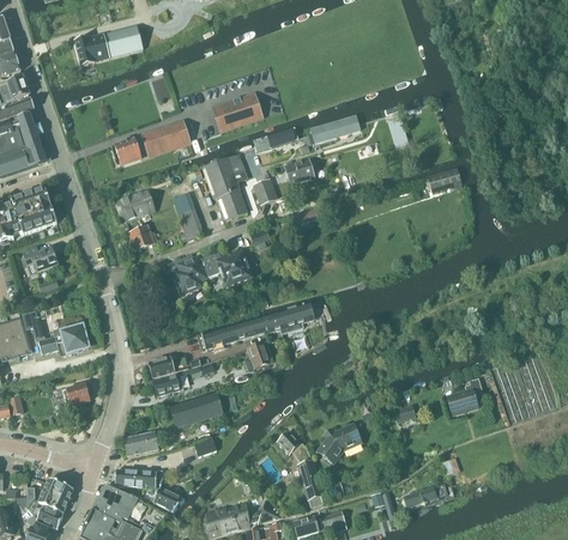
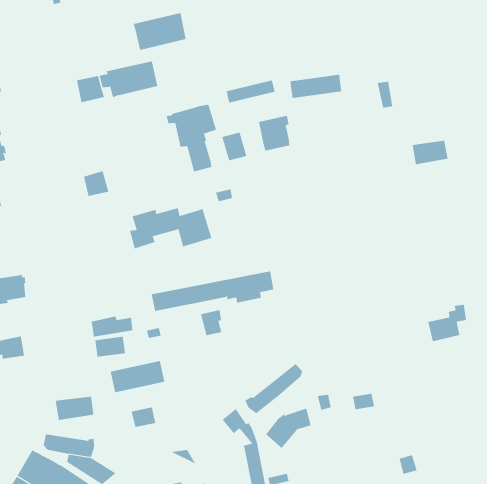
building: [211,92,261,131] -> [133,12,186,51]
building: [114,189,155,222] -> none
building: [171,192,203,242] -> none
building: [446,377,482,414] -> [427,304,467,342]
building: none -> [245,363,303,414]

